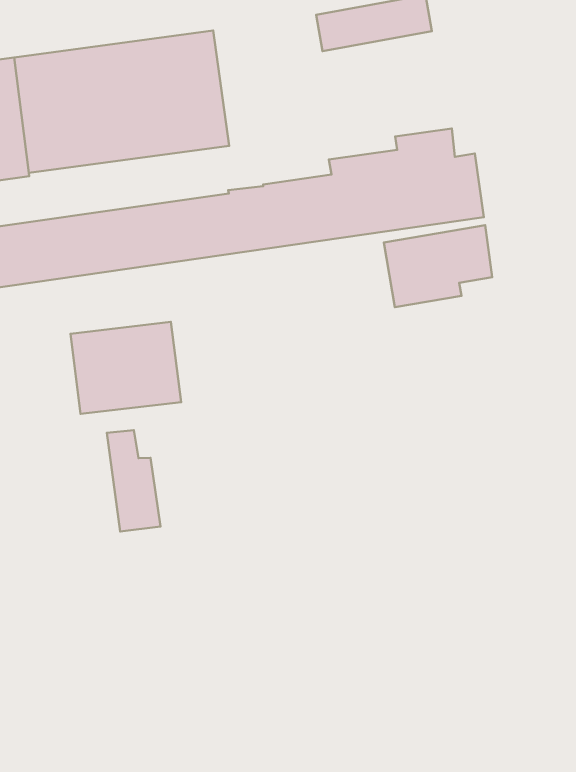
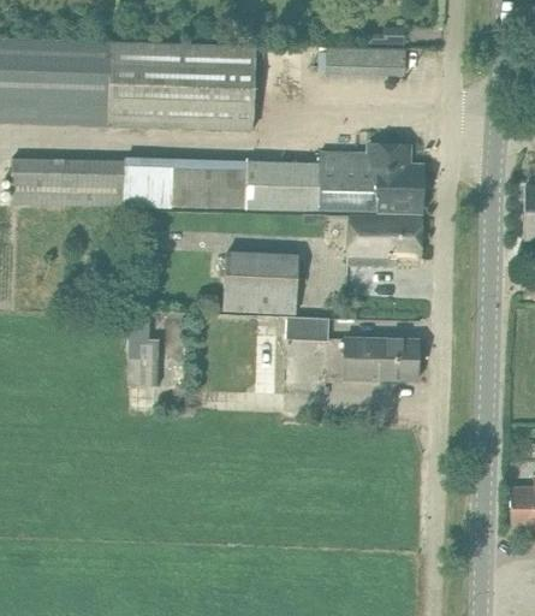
building: [70,322,181,414] -> [224,251,298,313]
building: none -> [343,337,420,378]
building: none -> [285,324,327,351]

